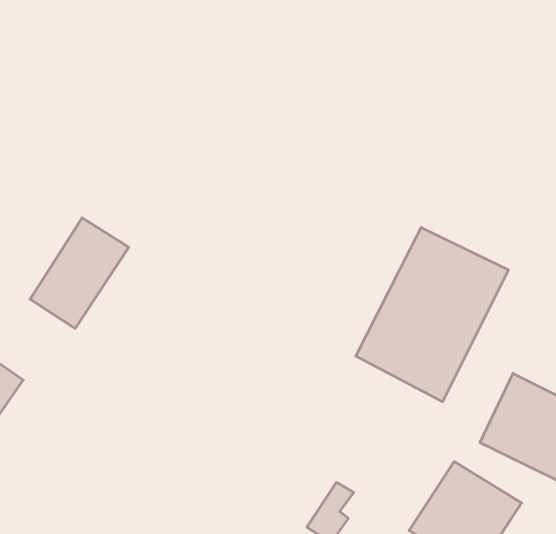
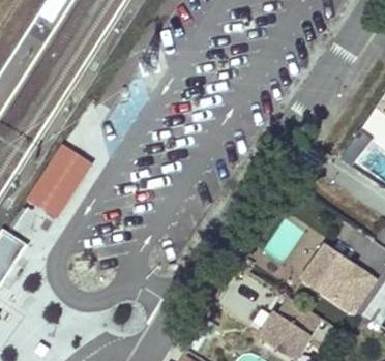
building: [356,227,508,402] -> none

